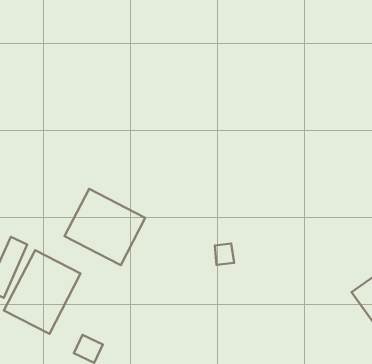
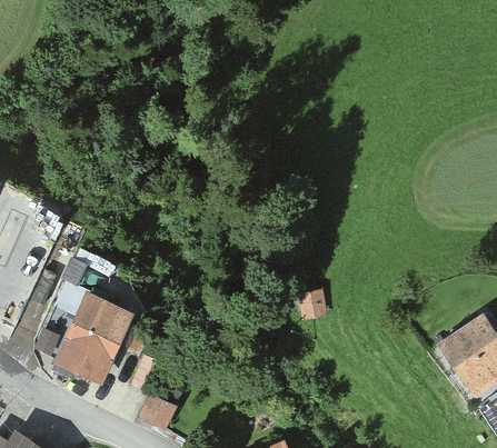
building: [64,189,145,265] -> none

